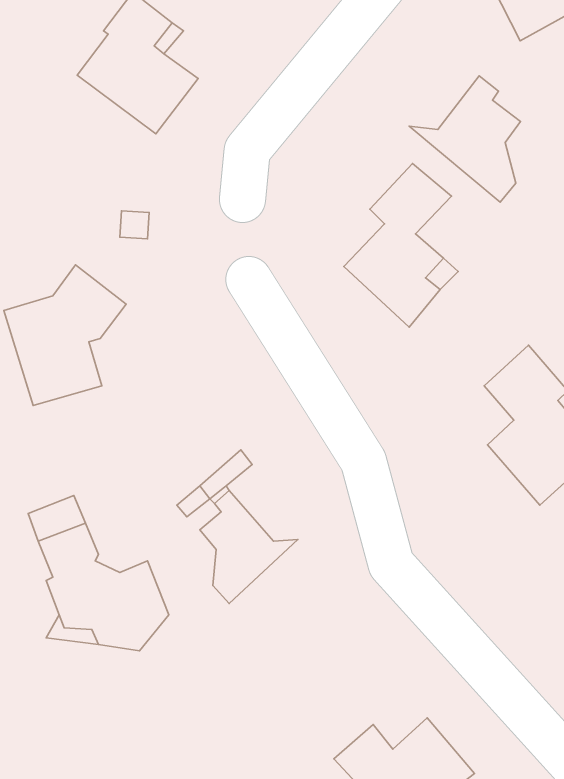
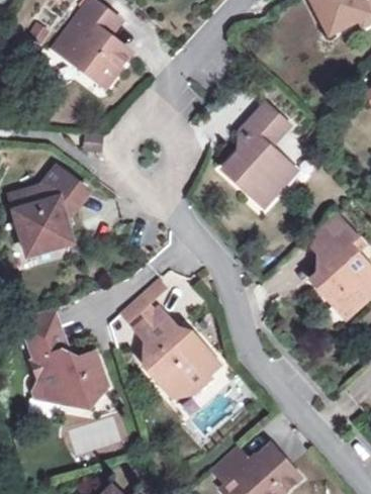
building: [409,76,520,202] -> none
building: none -> [151,336,218,398]

